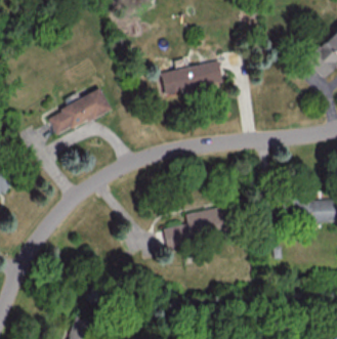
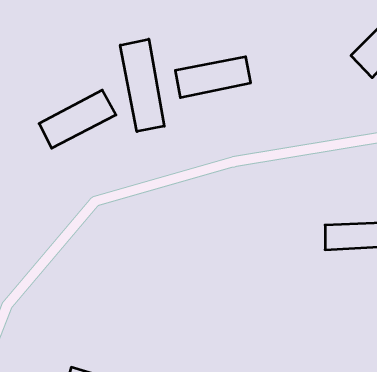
building: none -> [120,39,164,132]
building: [164,207,229,246] -> none

